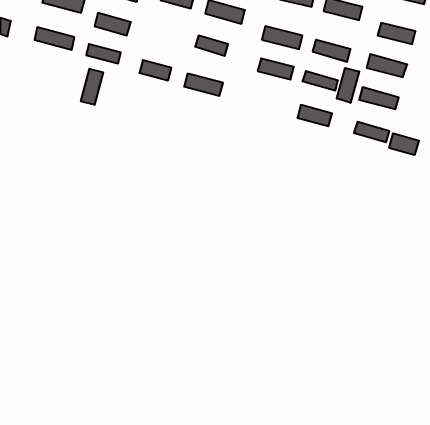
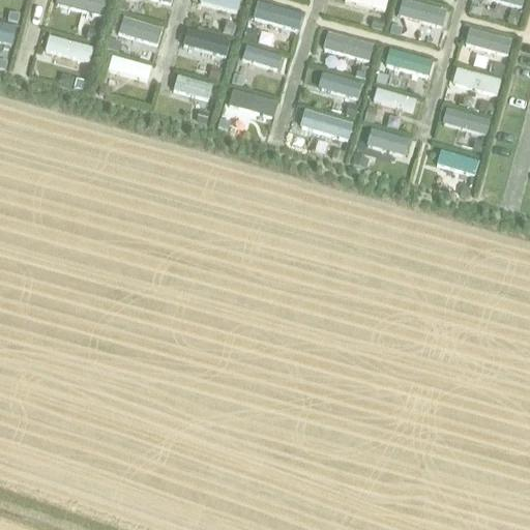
building: none -> [182,29,229,56]
building: [337,68,359,103] -> none
building: [81,69,103,105] -> none
building: none -> [299,109,352,138]
building: [389,133,419,155] -> none

